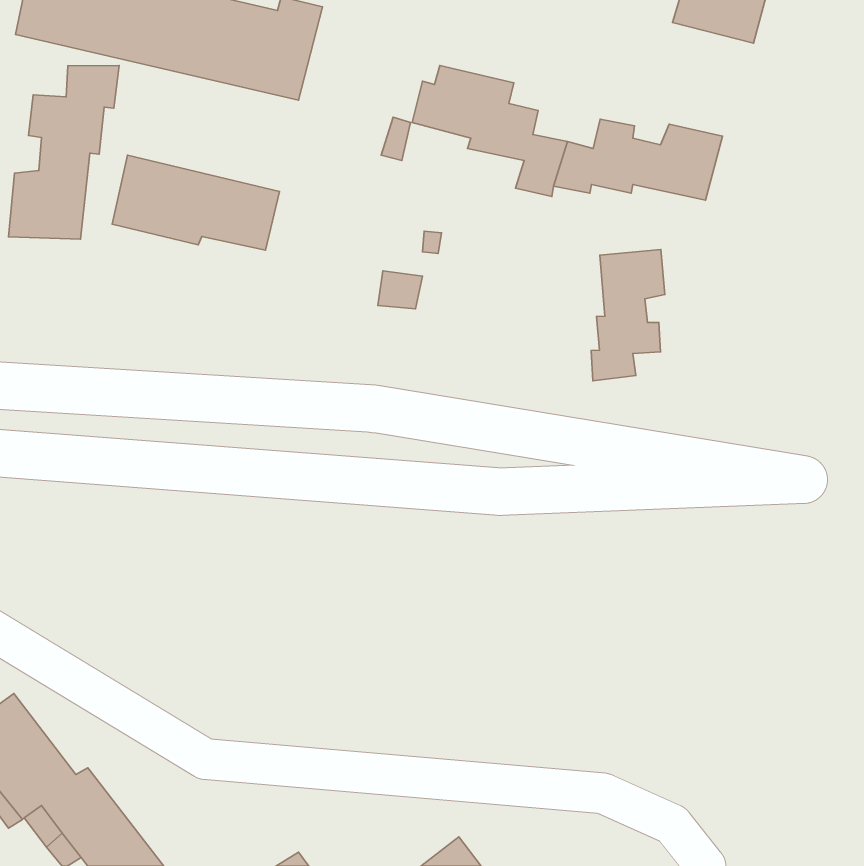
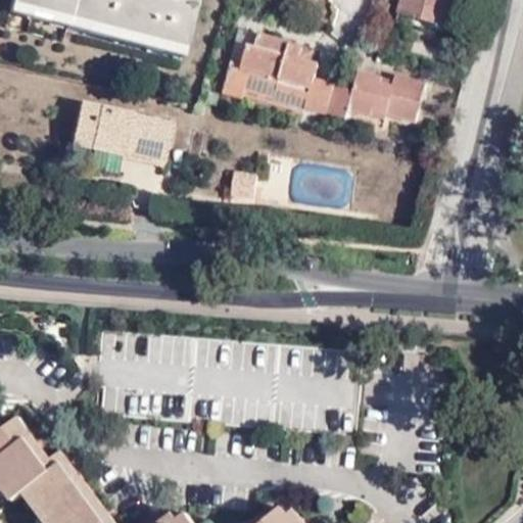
building: [8,65,119,239] -> none
building: [591,249,665,381] -> none

